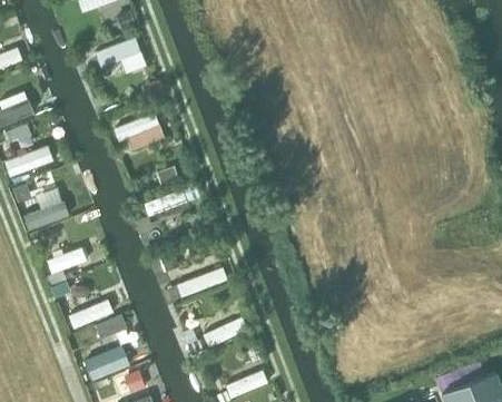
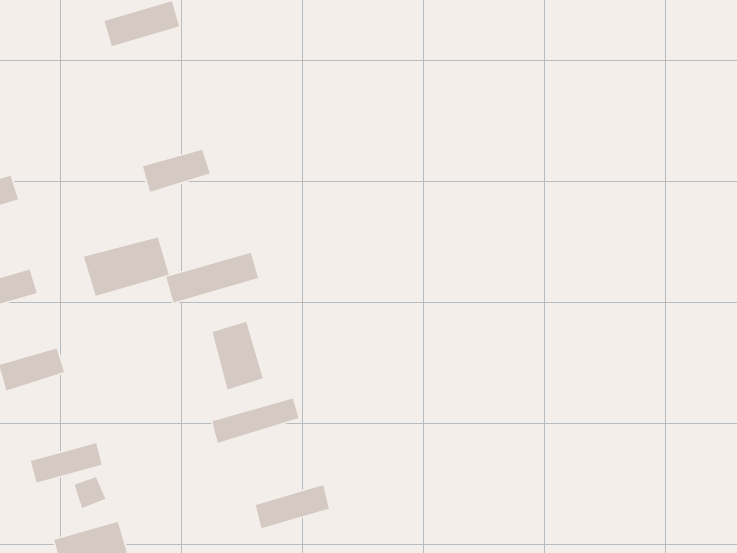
building: none -> [83,236,170,297]
building: none -> [212,321,264,390]

